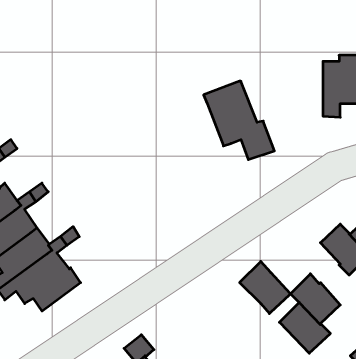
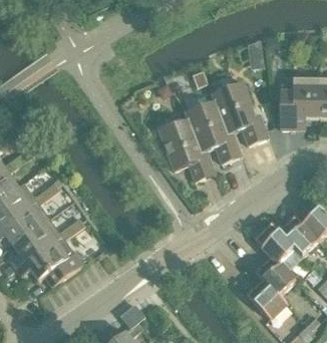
building: none -> [211,80,267,144]
building: none -> [157,117,214,182]
building: [240,261,291,314] -> [253,221,294,263]

